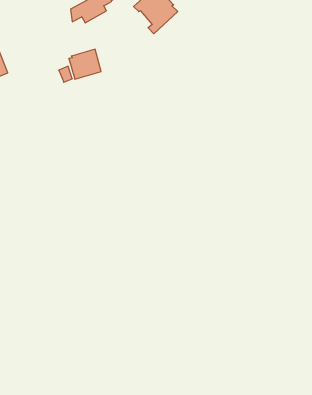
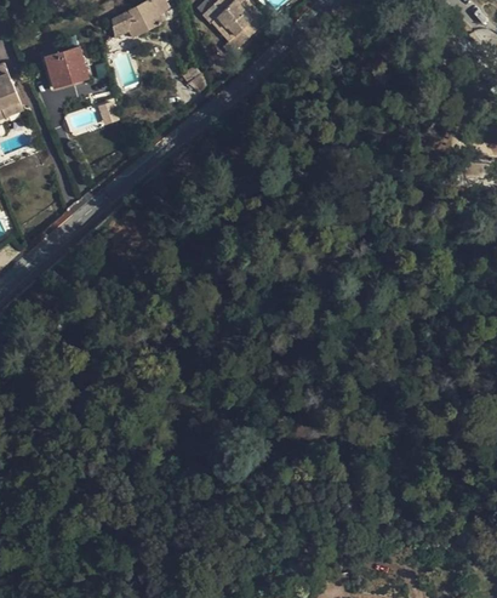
building: [69,49,101,79] -> [41,47,87,90]

